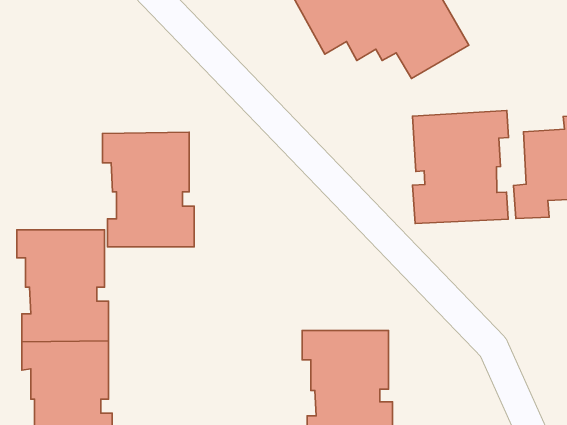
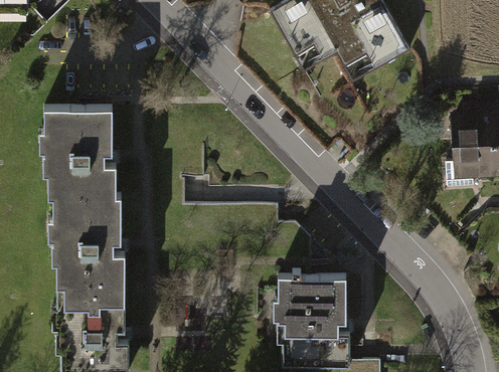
building: [412,111,508,223] -> none
building: [102,132,194,247] -> [43,106,116,196]

